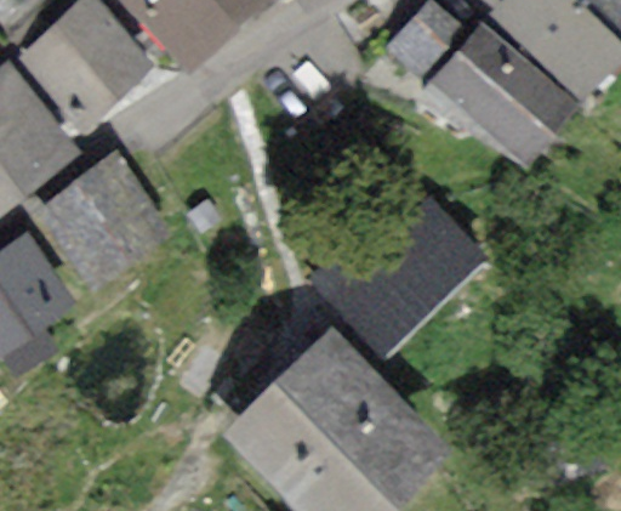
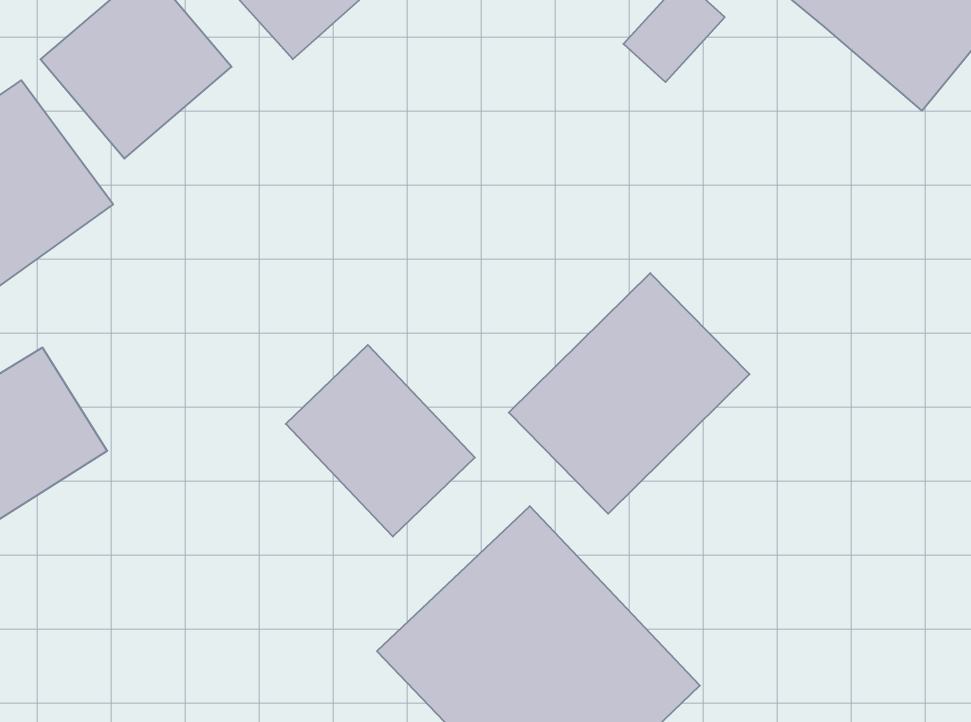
building: [441,27,575,155] -> none
building: [47,163,167,279] -> none
building: none -> [286,345,475,537]

